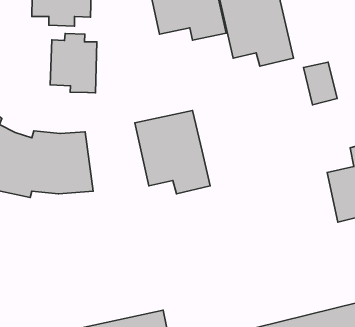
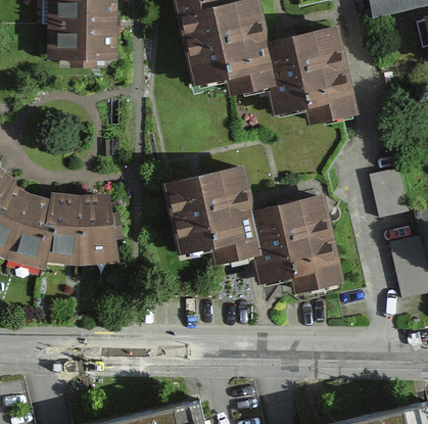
building: [50,34,97,93] -> none
building: [304,62,337,105] -> [369,169,408,218]
building: none -> [245,200,333,290]

